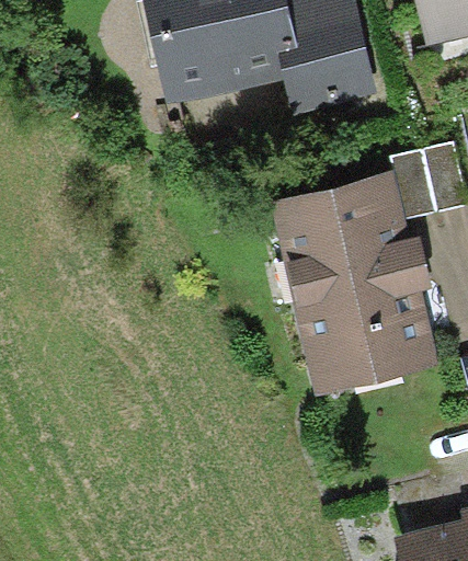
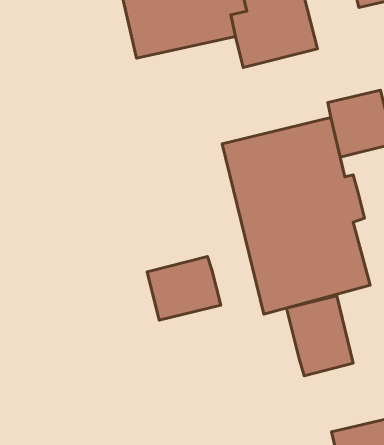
building: none -> [147,257,221,320]
building: none -> [286,296,353,376]

